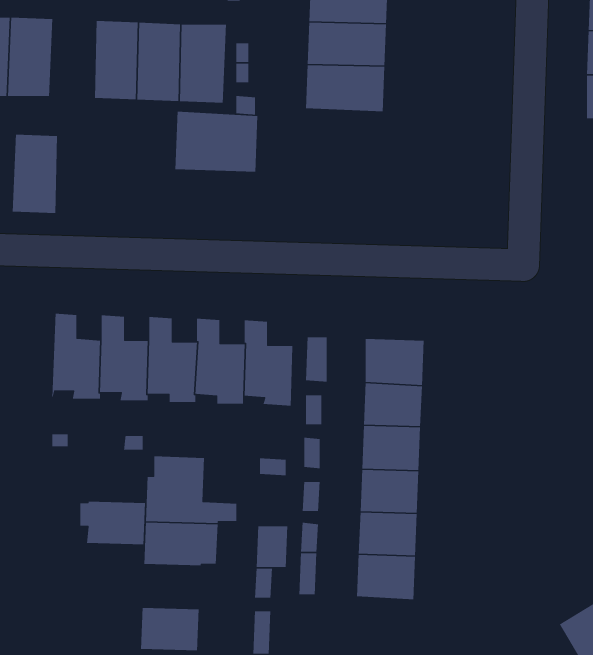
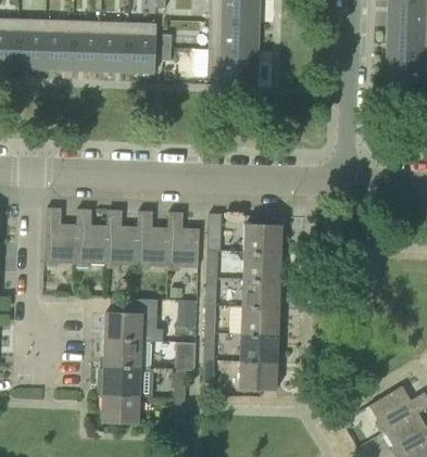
building: [174,111,258,172] -> none
building: [12,134,58,214] -> [43,20,73,71]
building: [79,501,146,545] -> [98,368,140,396]

